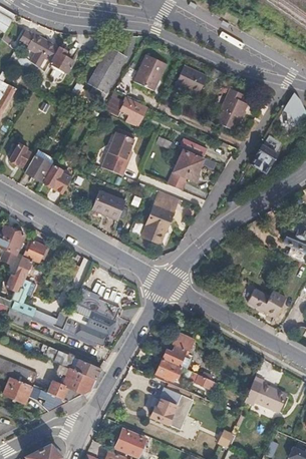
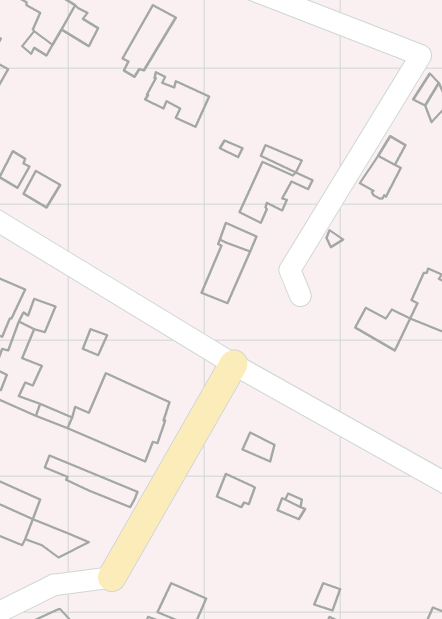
building: [134,54,168,91] -> none
building: [177,66,207,92] -> none
building: [216,88,248,130] -> none
building: [101,131,133,175] -> none
building: [43,165,70,192] -> none
building: [91,190,124,219] -> none
building: [247,289,283,317] -> [355,308,410,350]
building: [159,340,188,367] -> none
building: [56,367,95,401] -> none
building: [241,375,285,411] -> none
building: [149,381,194,427] -> none

